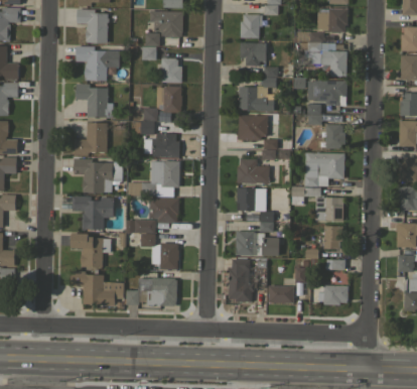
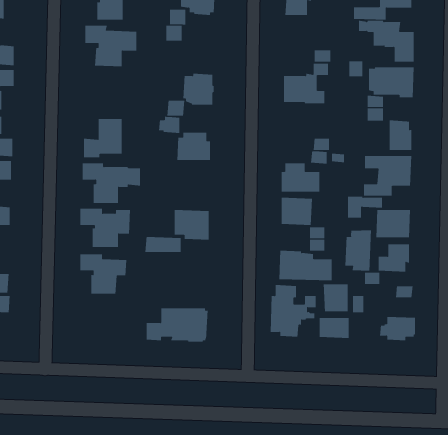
building: [240,42,266,66] -> none
building: [155,58,182,83] -> none
building: [76,84,113,118] -> none
building: [238,115,267,140] -> none
building: [127,160,179,197] -> none
building: none -> [345,230,371,272]
building: [140,234,178,269] -> none
building: none -> [323,284,348,312]
building: [71,271,123,305] -> none

